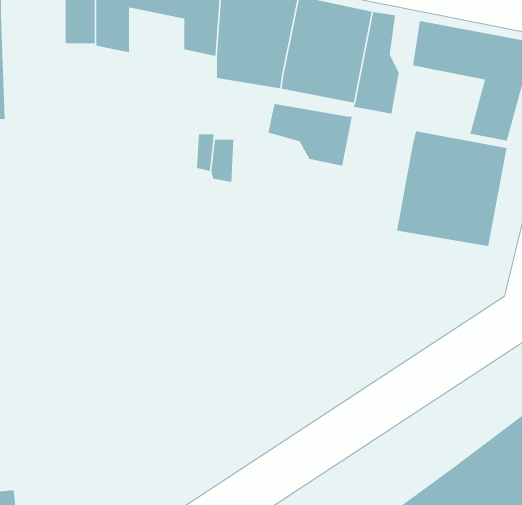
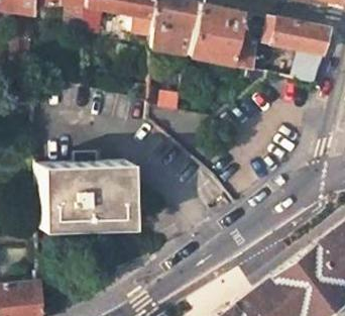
building: [268,103,353,167] -> none
building: [397,130,507,247] -> none
building: none -> [45,155,146,224]

